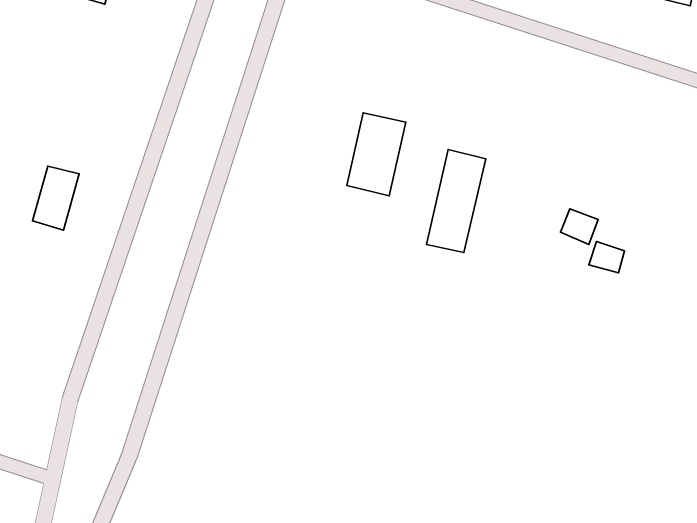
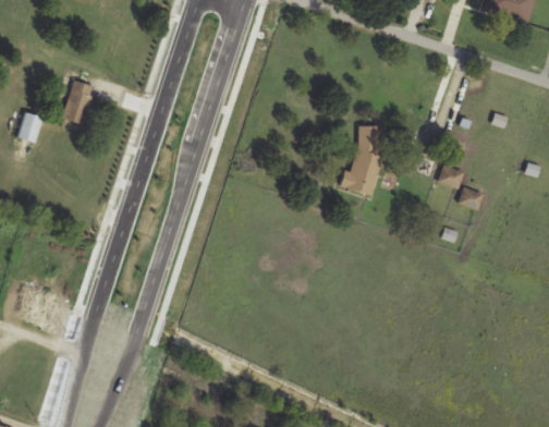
building: [347,113,406,196] -> none
building: [32,166,79,230] -> [62,80,95,124]

